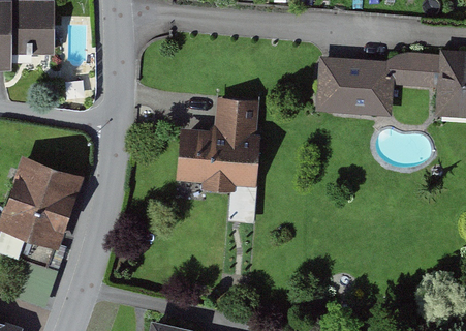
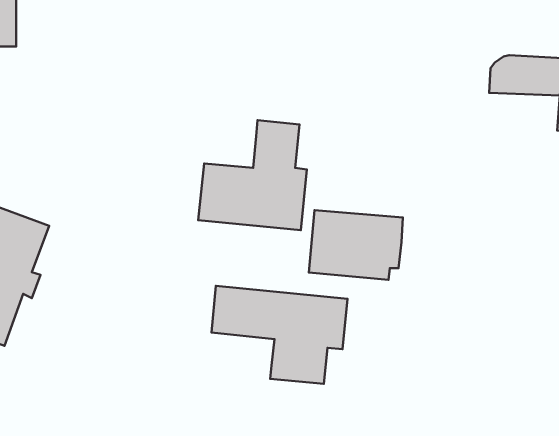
building: [324,60,392,110] -> [309,210,403,280]
building: none -> [211,286,348,384]

